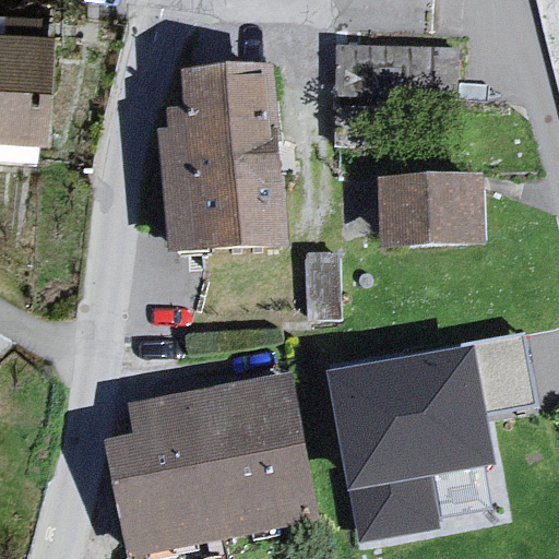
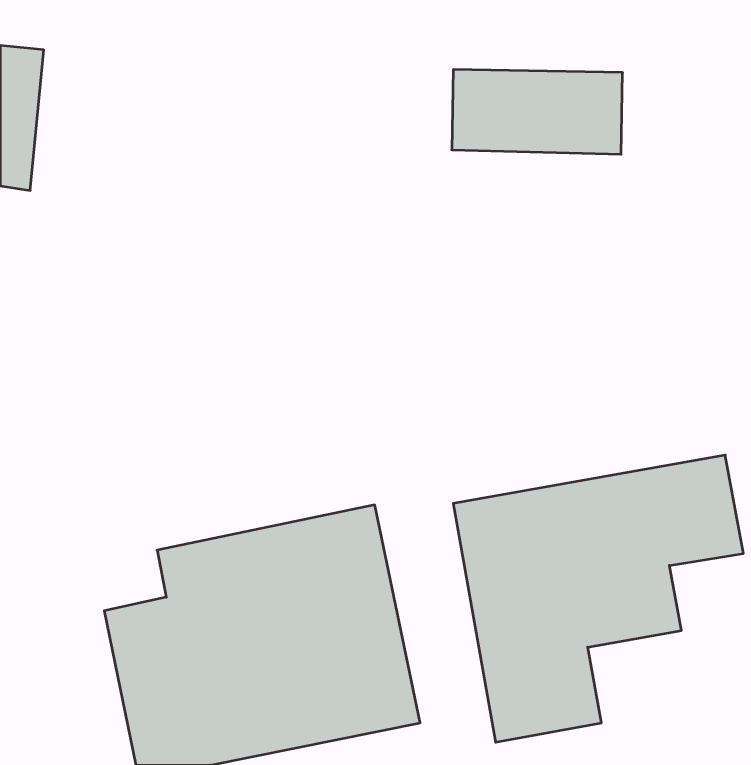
building: [154,76,276,245] -> none
building: [379,182,491,253] -> none

